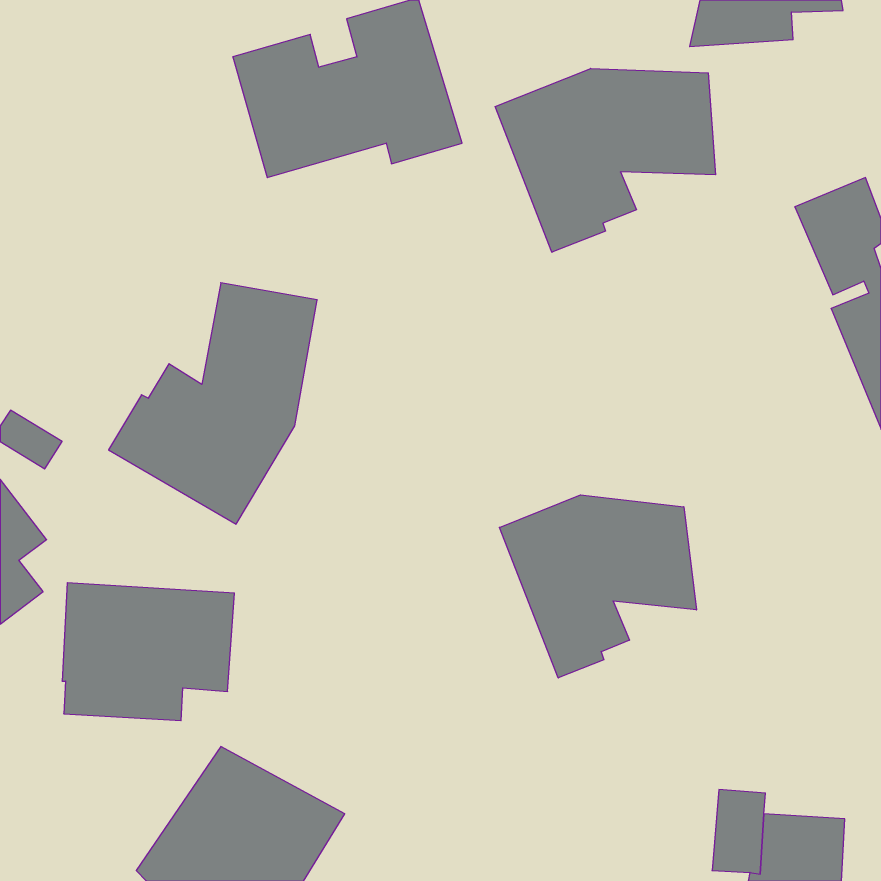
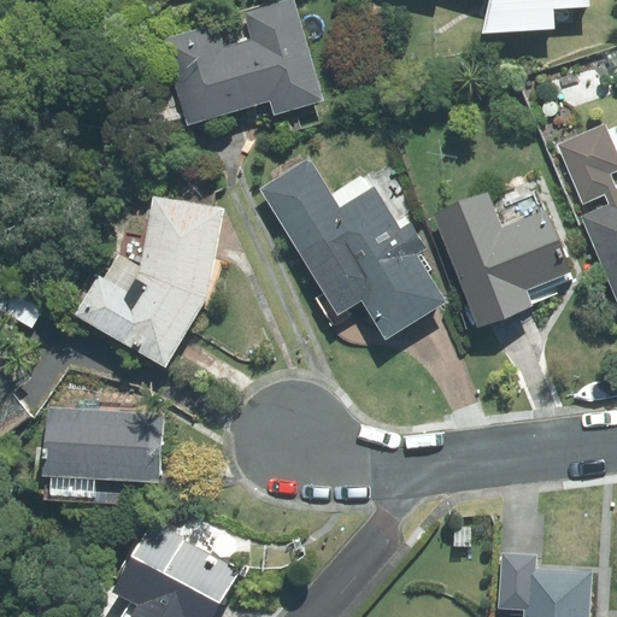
building: [495,68,715,252] -> none
building: none -> [259,157,446,340]
building: none -> [435,193,572,325]
building: [499,495,696,678] -> none

